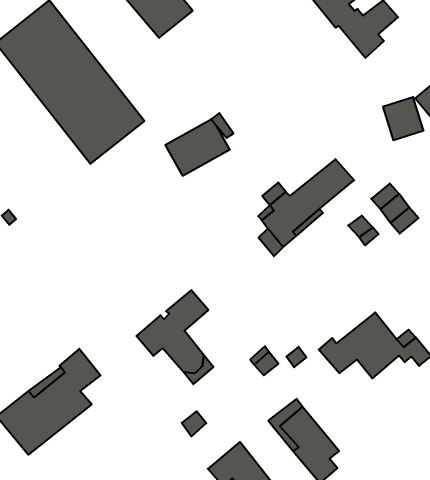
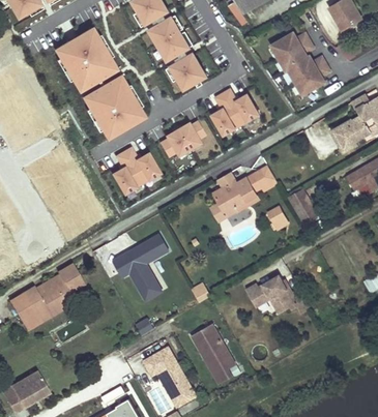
building: none -> [166,51,207,92]
building: none -> [207,87,260,138]
building: none -> [108,146,159,196]

